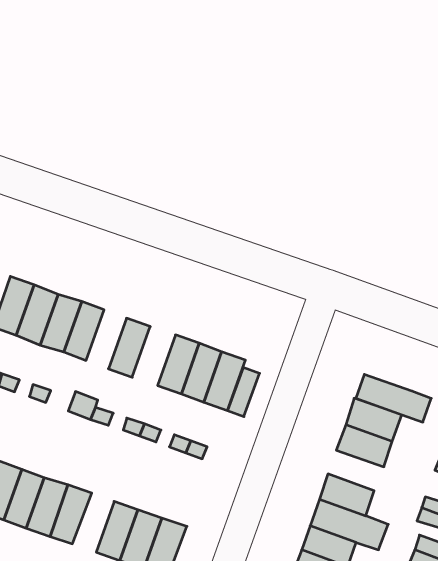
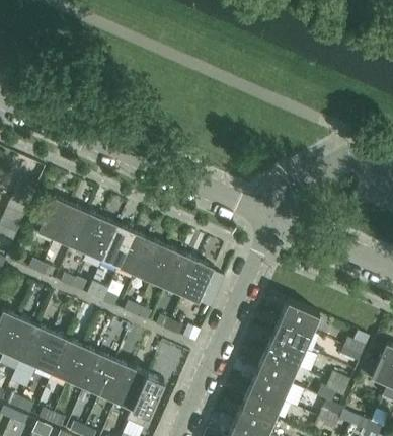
building: none -> [102,226,133,268]
building: none -> [134,240,166,282]
building: [356,374,431,422] -> [265,337,318,373]
building: none -> [83,354,114,395]

